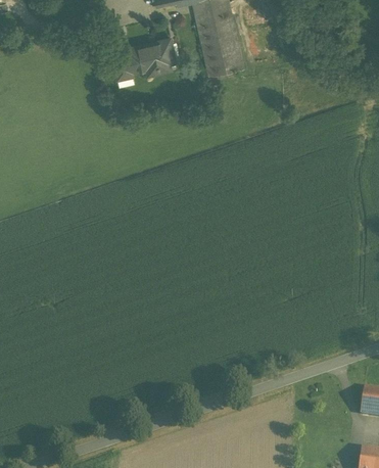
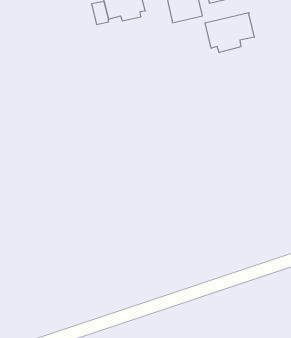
building: none -> [205,13,254,53]

